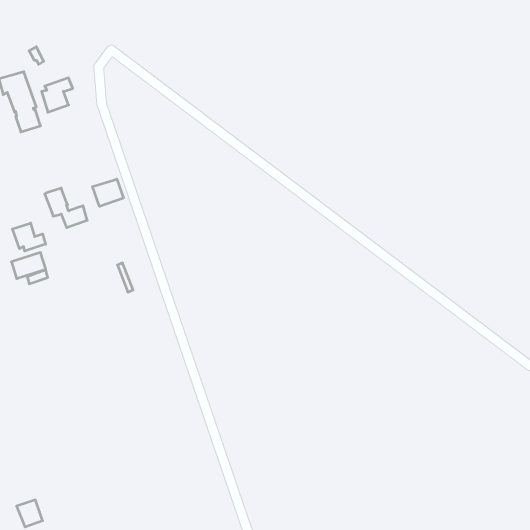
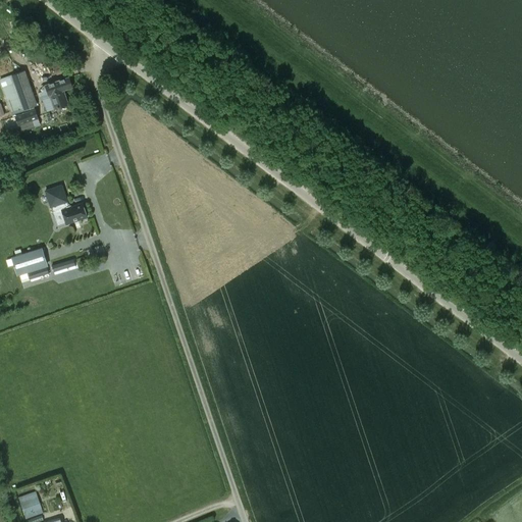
building: [92,179,123,206] -> none
building: [12,223,46,251] -> none

